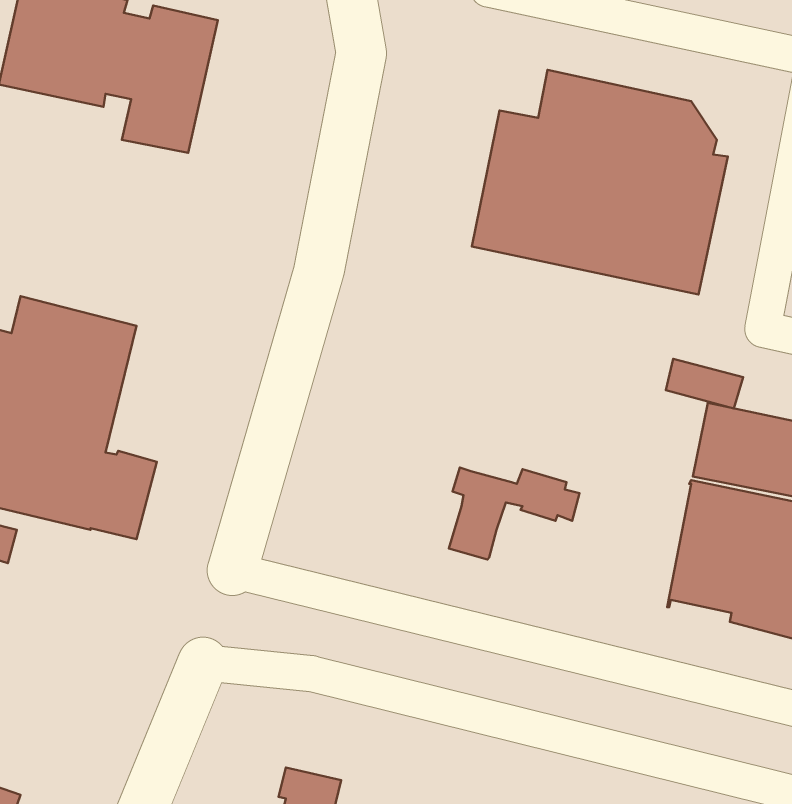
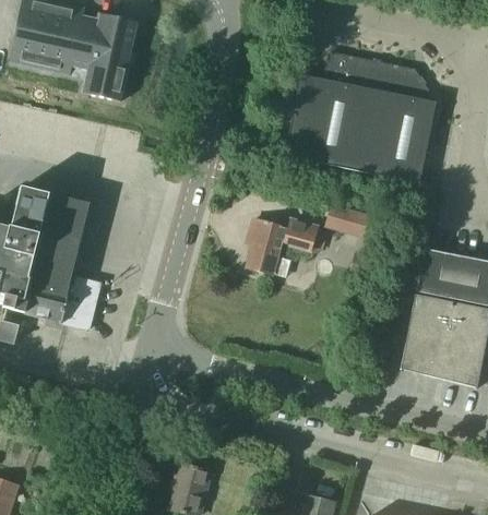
building: [666,359,743,408] -> [325,205,371,235]
building: [449,467,580,559] -> [247,218,324,273]

